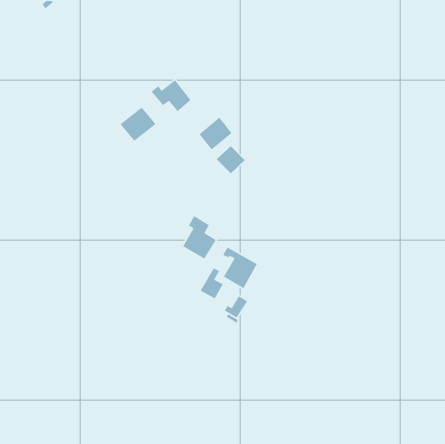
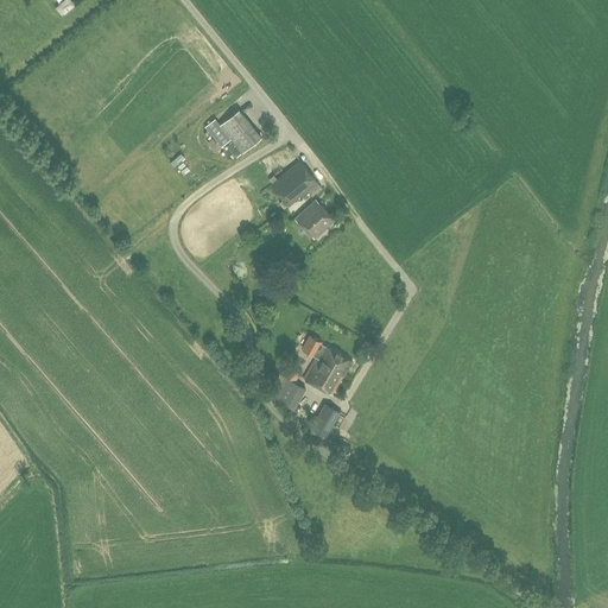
building: [119,106,157,142] -> none
building: [182,215,217,259] -> none

